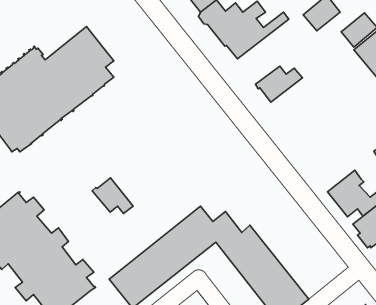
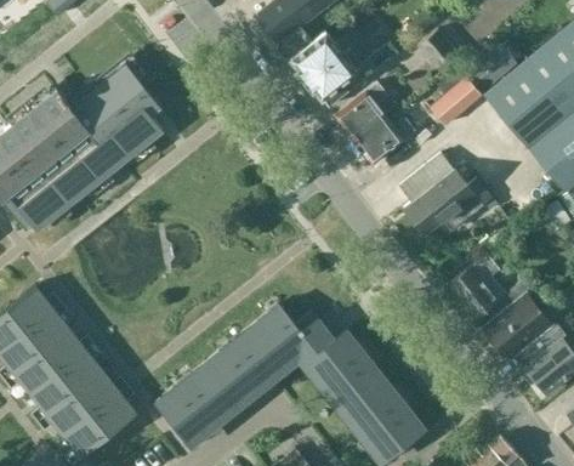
building: none -> [430,78,481,126]
building: none -> [335,84,387,141]
building: none -> [399,154,498,235]
building: [92,178,133,214] -> none

